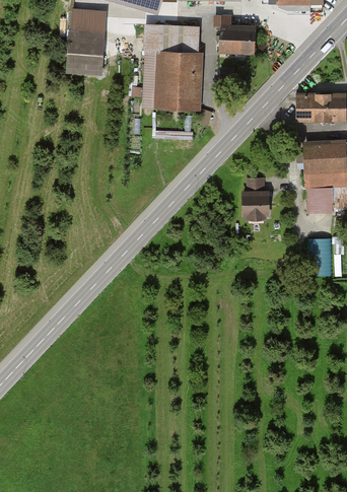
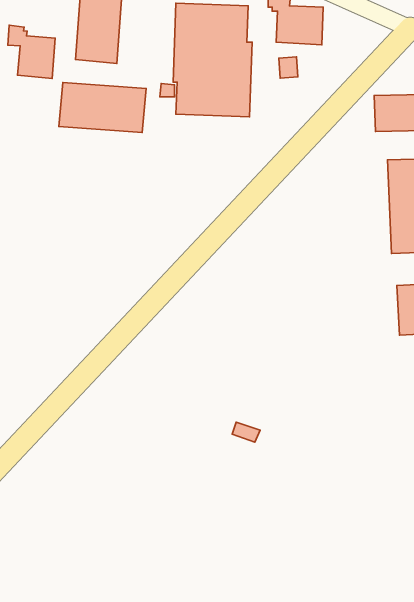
building: none -> [8,25,55,78]
building: none -> [59,82,146,132]
building: [248,177,266,220] -> none

